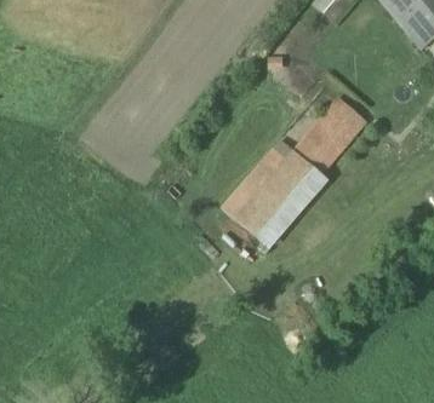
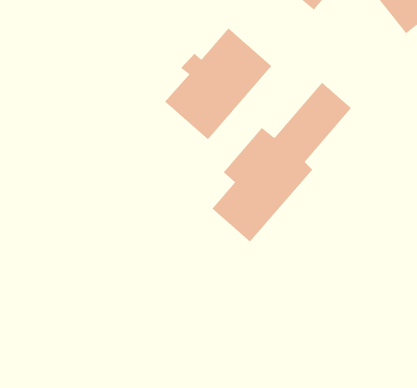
building: none -> [164,27,272,140]

